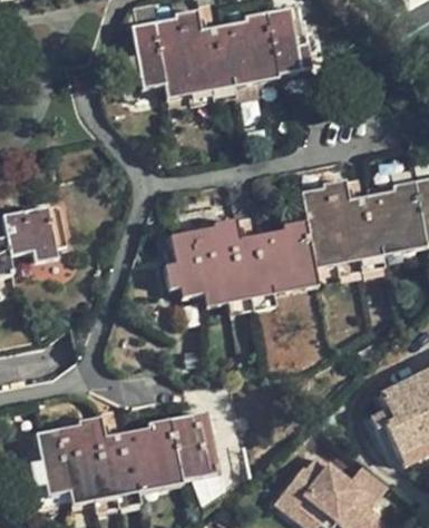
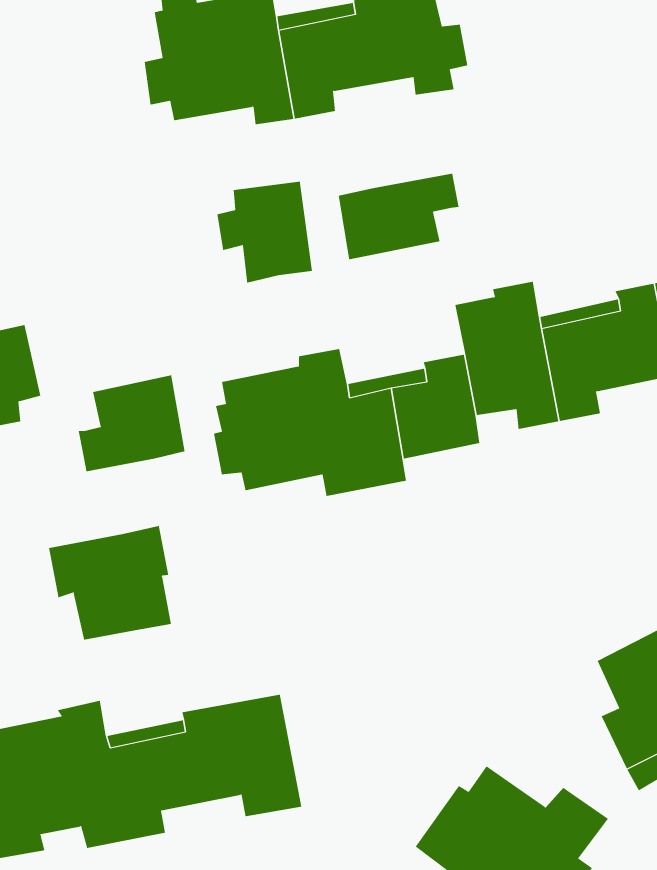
building: none -> [338,173,459,260]
building: none -> [217,181,312,283]
building: none -> [78,374,185,472]
building: none -> [49,525,171,641]

